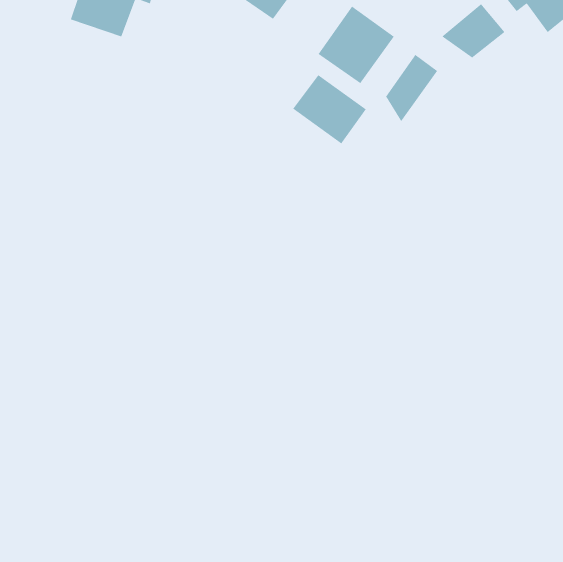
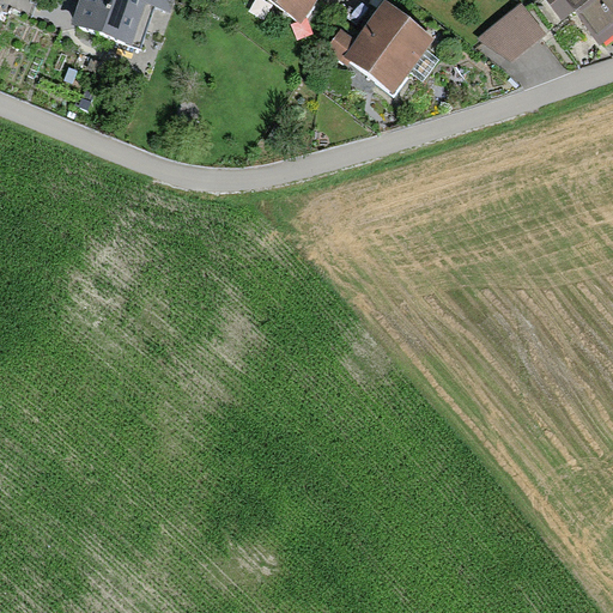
building: [385,54,438,122] -> none
building: [292,74,367,145] -> none

